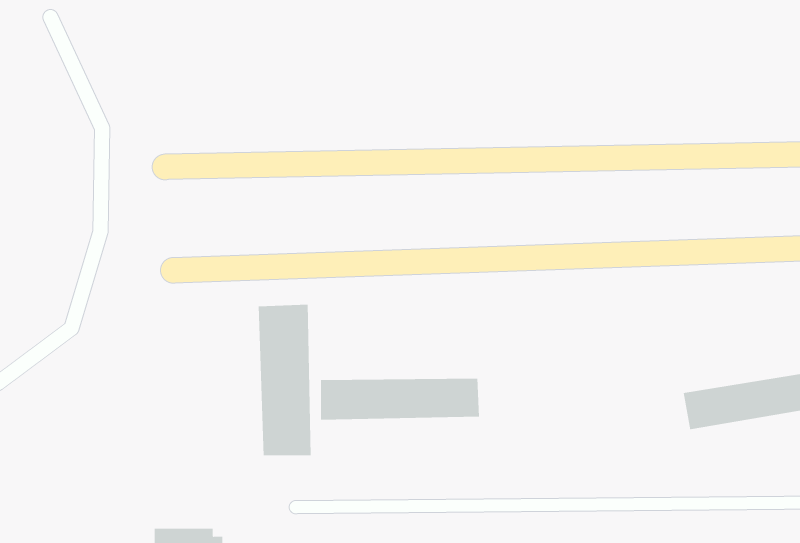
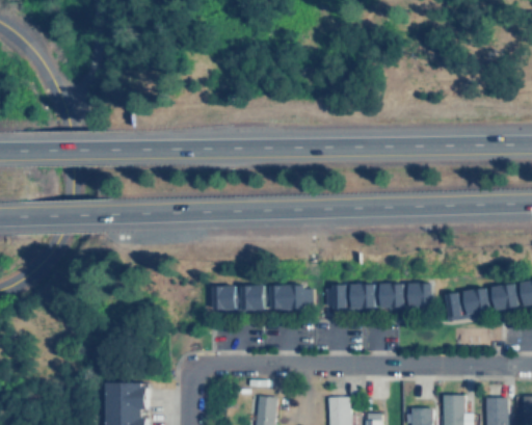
building: [258,304,311,456] -> none
building: none -> [325,282,432,311]

